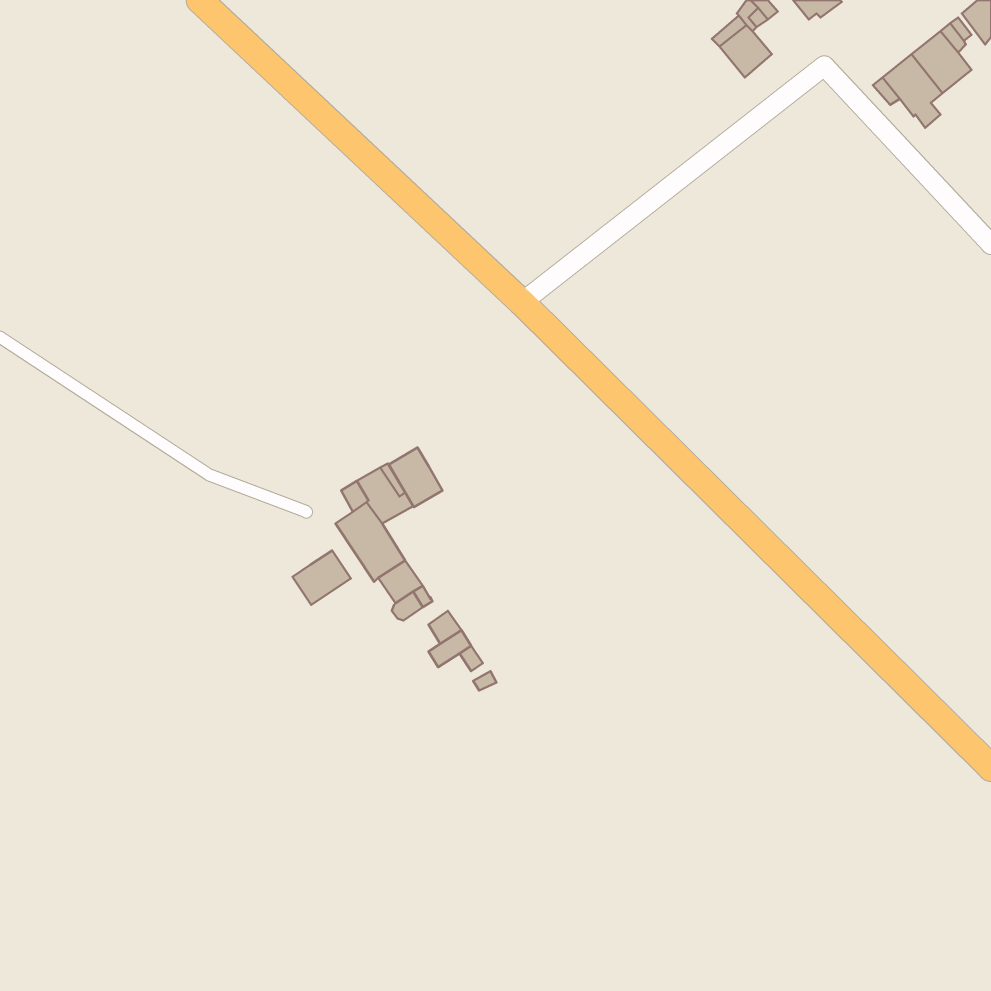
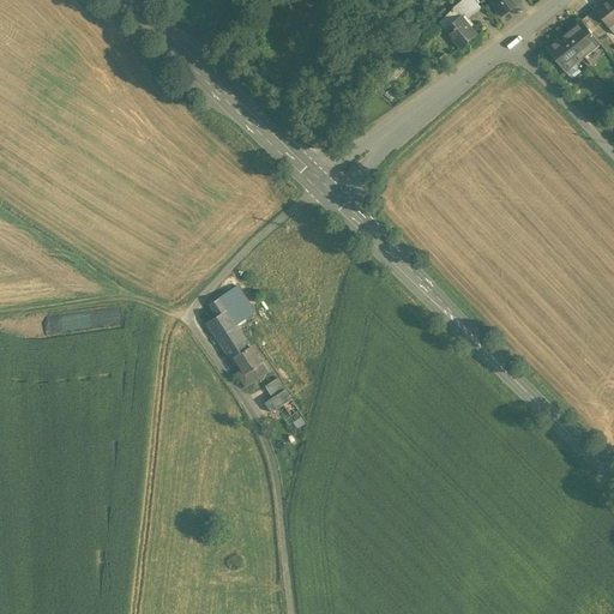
building: [389,448,443,507] -> none
building: [293,550,351,605] -> none

